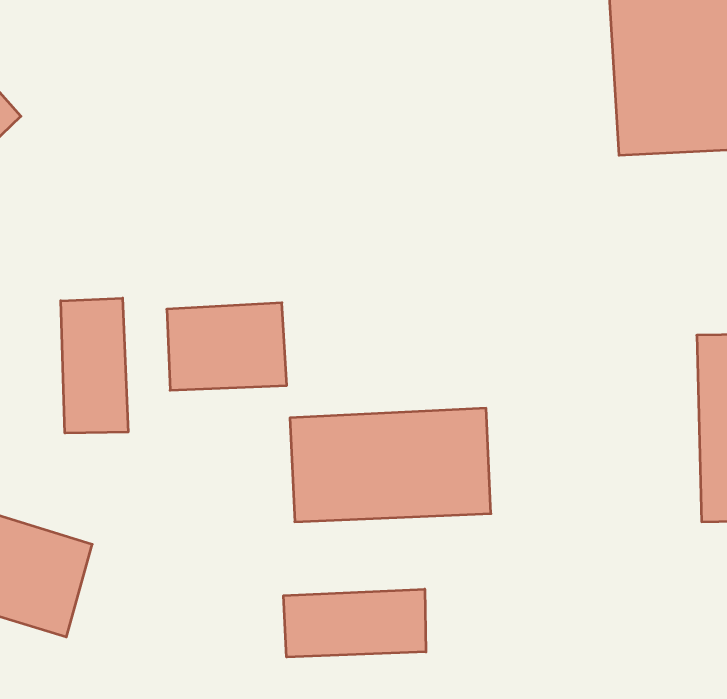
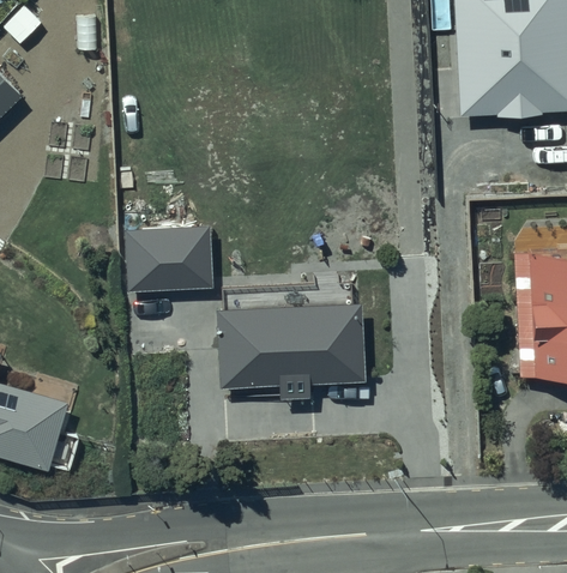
building: [61,298,128,433] -> none
building: [284,589,426,657] -> none

